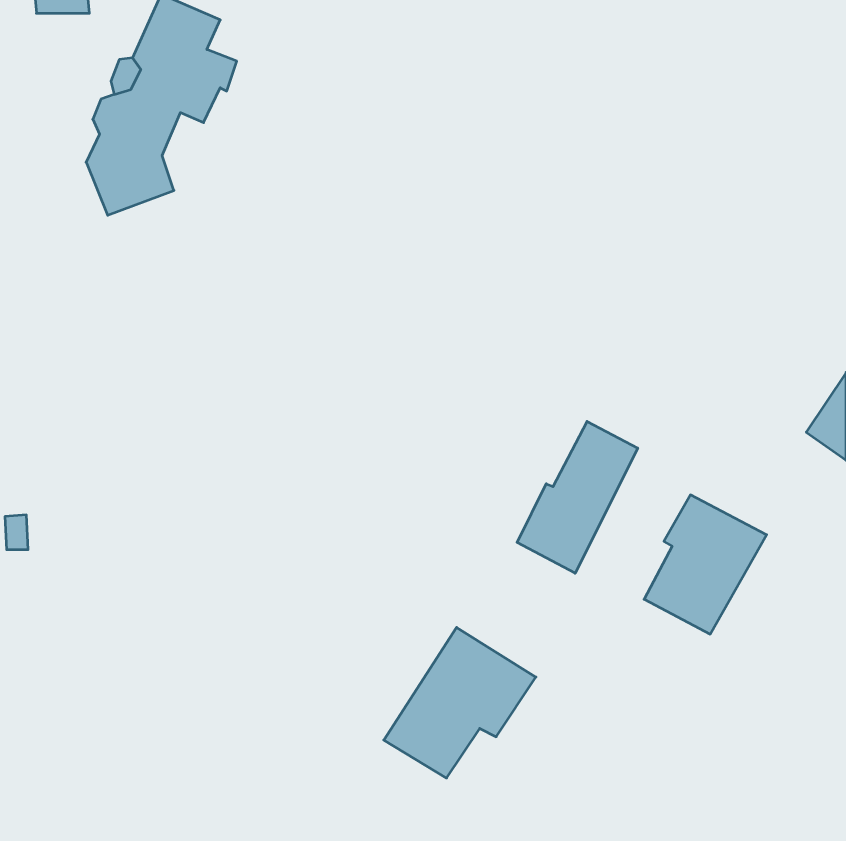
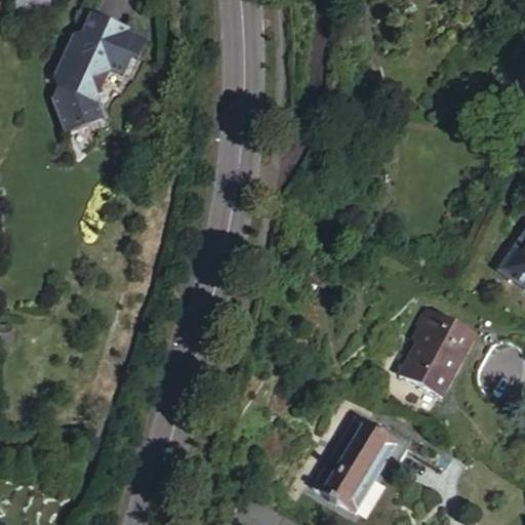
building: [517,421,638,573] -> none
building: [384,627,536,778] -> [312,416,406,510]

